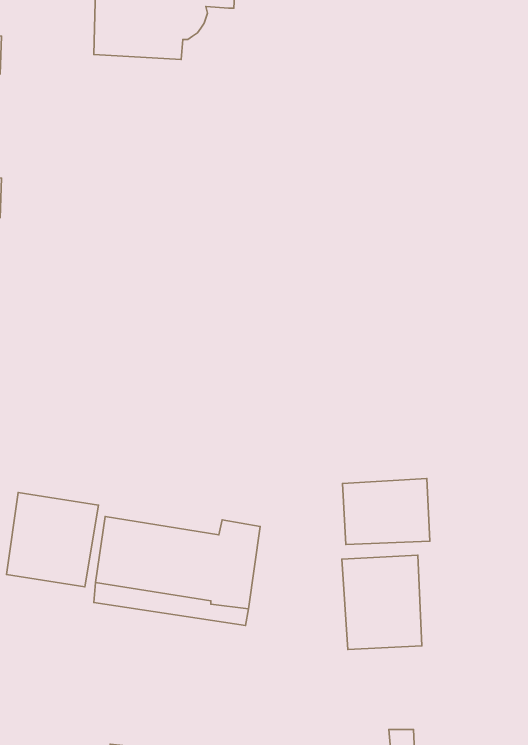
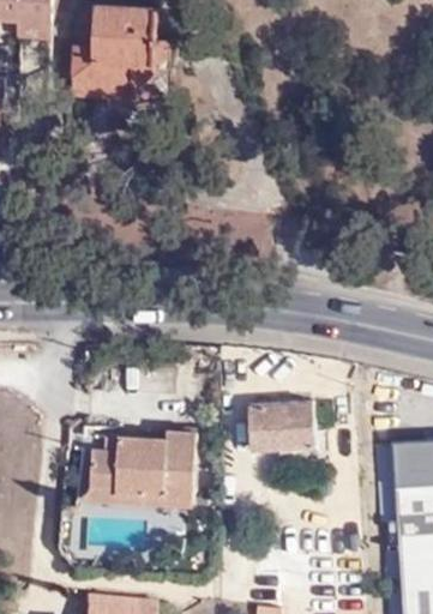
building: [7,493,98,587] -> none
building: [342,555,422,650] -> none

